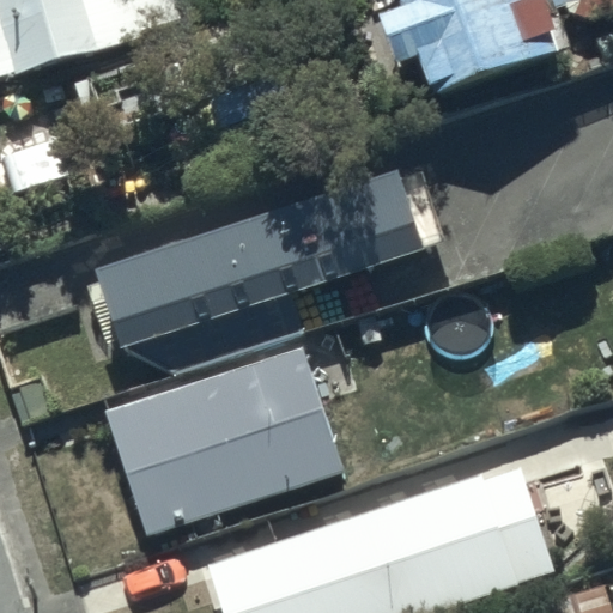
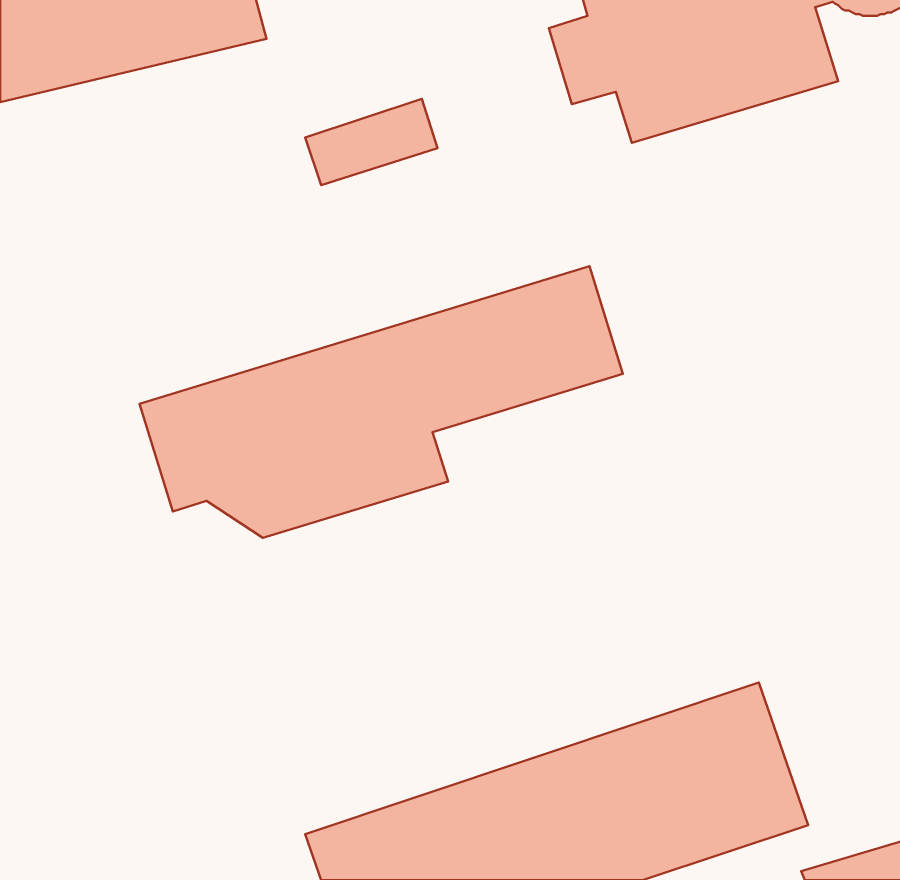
building: [104,342,341,532] -> none

